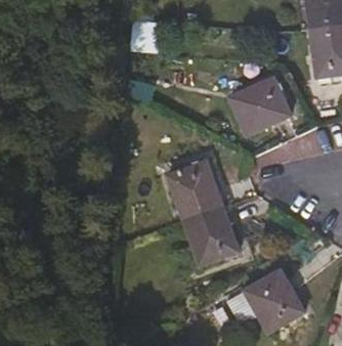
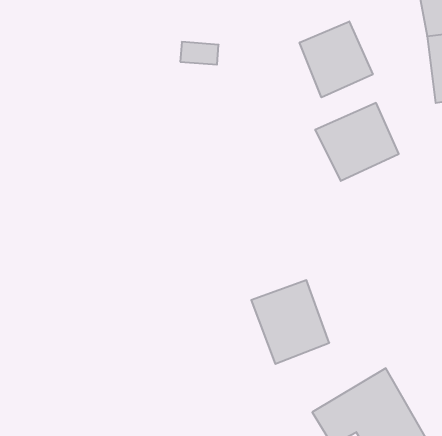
building: none -> [300,21,373,97]
building: [166,162,222,220] -> none

